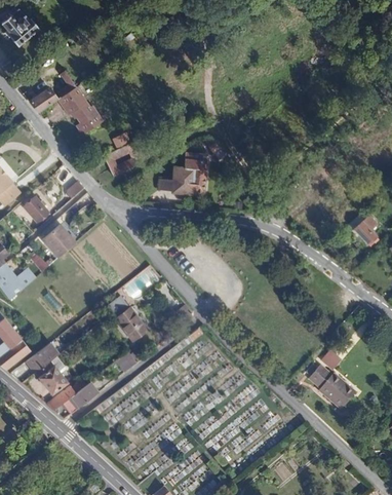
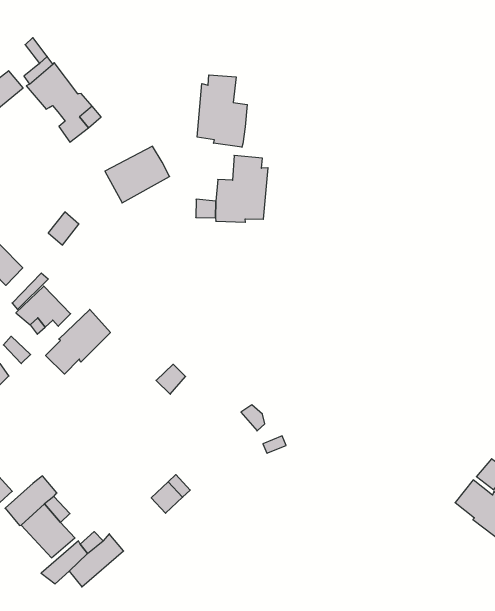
building: none -> [197,75,247,147]
building: none -> [46,309,110,374]
building: [118,310,151,345] -> none

